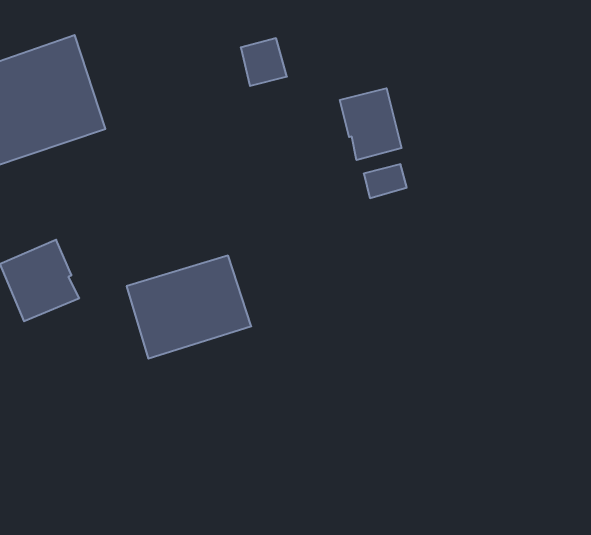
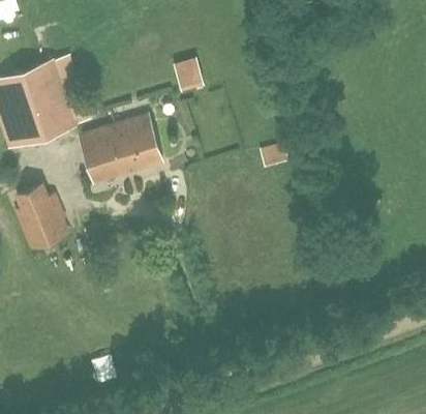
building: [340,88,402,160] -> none
building: [127,256,251,359] -> [79,114,162,183]

